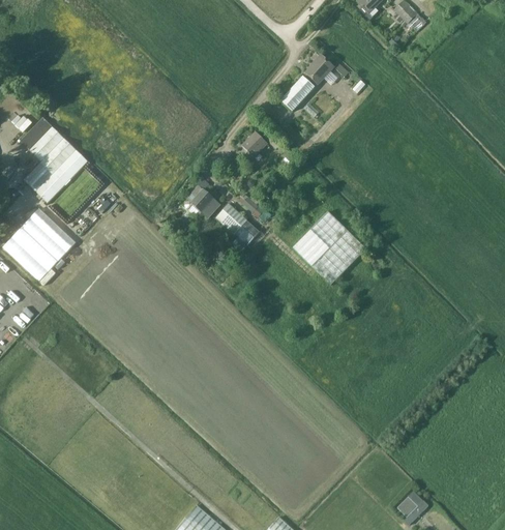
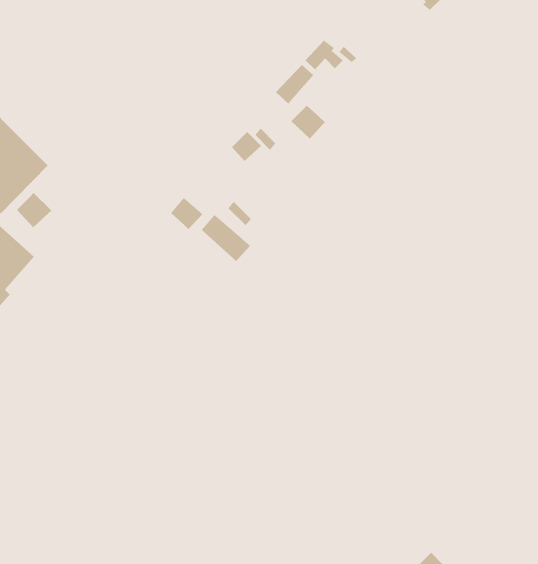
building: none -> [291,105,326,140]
building: none -> [16,192,52,228]
building: [292,210,365,284] -> none

